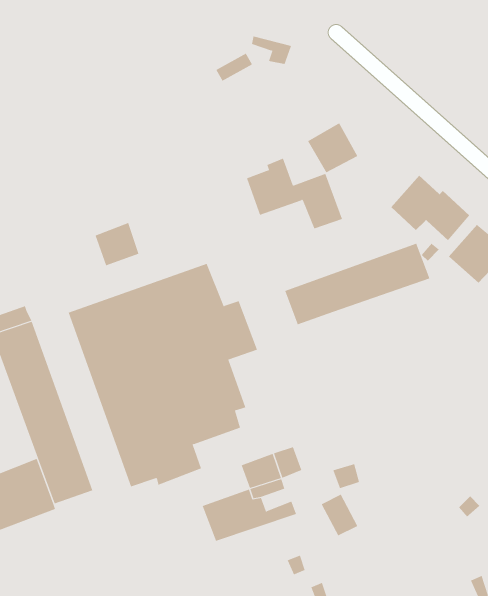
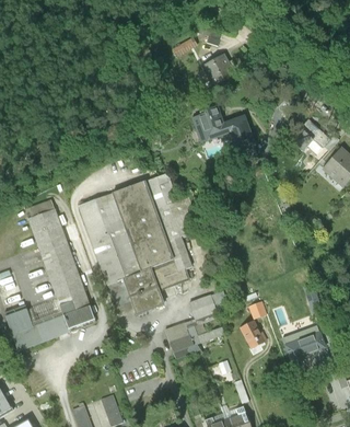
building: [307,122,358,173] -> [201,54,234,86]
building: [95,222,139,266] -> none
building: [285,243,430,325] -> none
building: none -> [283,332,325,366]

